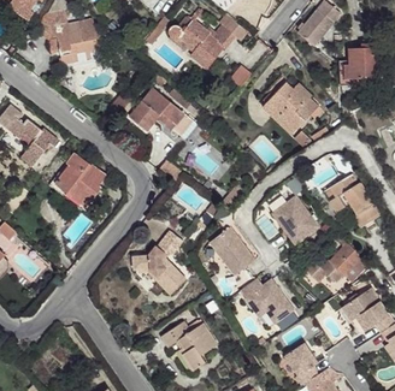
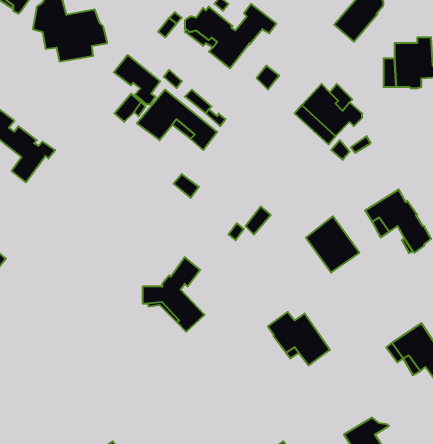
building: none -> [114,55,160,105]
building: [54,152,106,207] -> none
building: [210,226,254,274] -> none
building: [306,233,366,282] -> none
building: [160,320,217,369] -> none
building: [284,342,317,384] -> none

